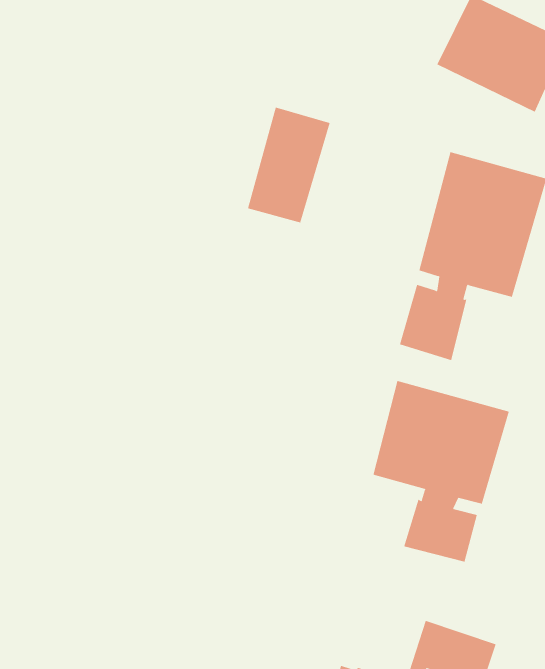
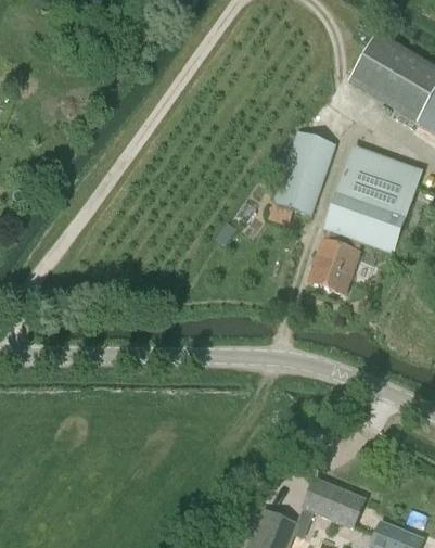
building: [247,107,331,223] -> [272,130,336,215]
building: [373,380,509,563] -> none

